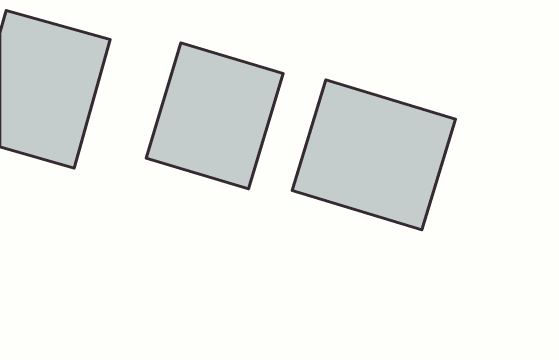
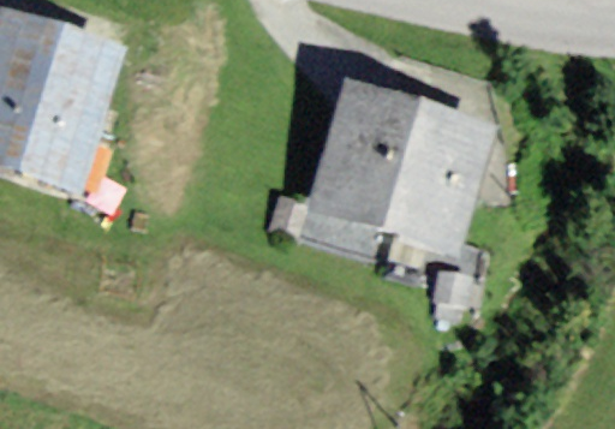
building: [146,43,283,189] -> none

